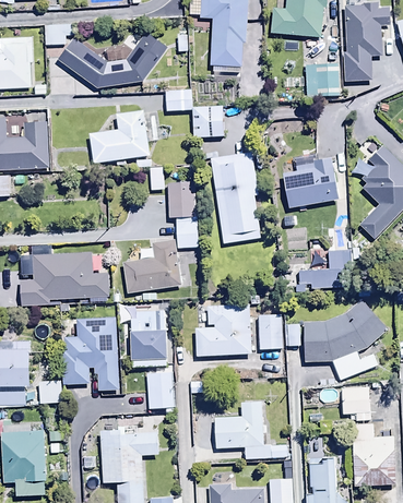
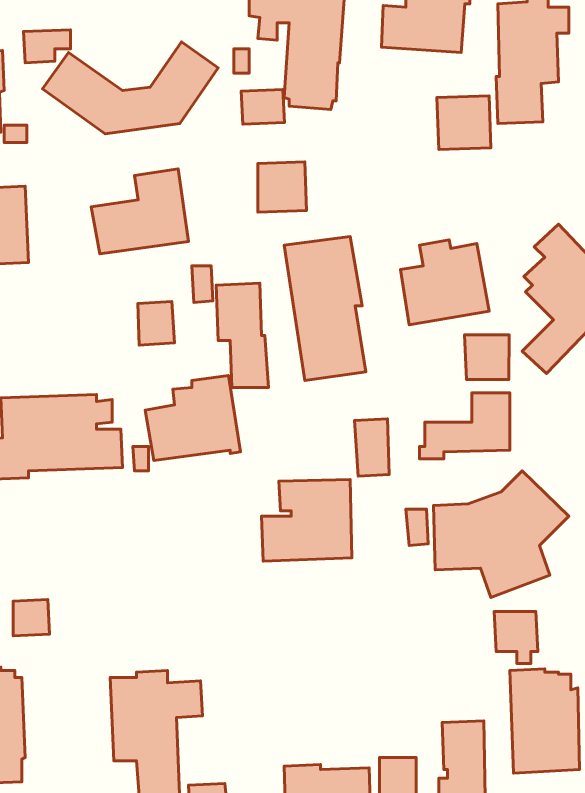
building: [165,88,192,110] -> [241,89,285,124]
building: none -> [138,301,175,345]
building: none -> [464,335,509,380]
building: [131,310,171,367] -> none
building: [258,313,280,349] -> [355,419,389,476]
building: [62,316,119,390] -> none
building: [146,371,175,408] -> none
building: [215,400,287,458] -> none

